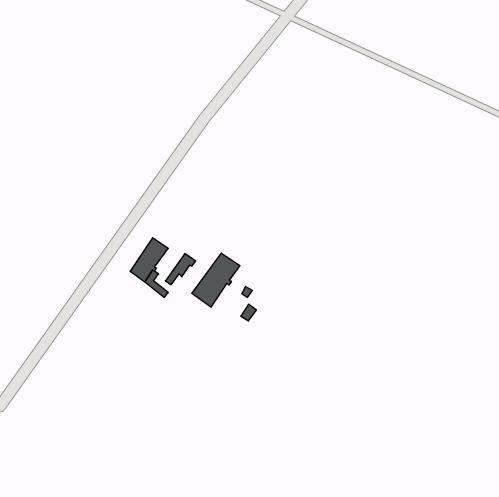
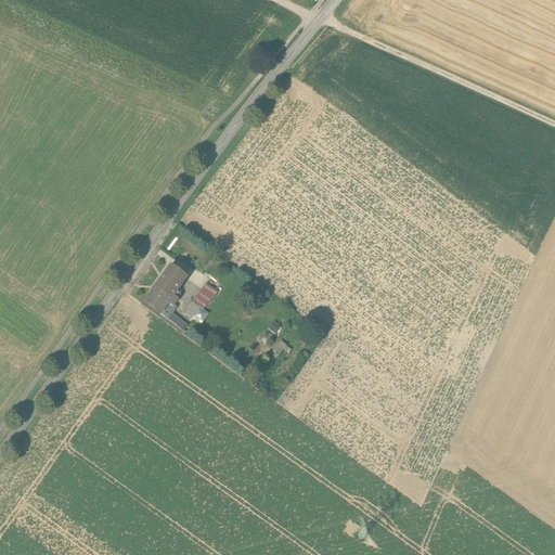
building: [192,253,240,307] -> none

